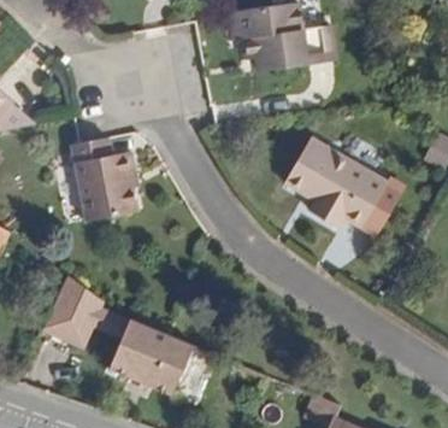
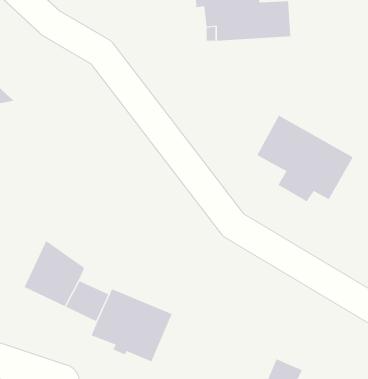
building: [73,140,138,224] -> none

